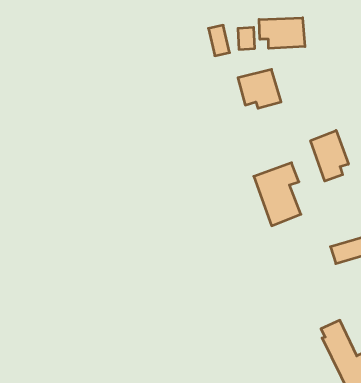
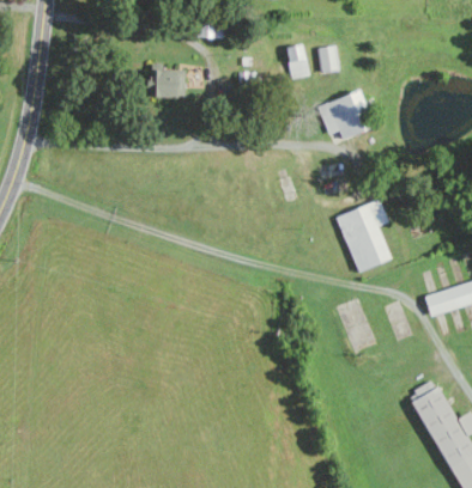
building: [259,18,305,48] -> none
building: none -> [151,67,184,97]
building: [311,130,348,181] -> none

